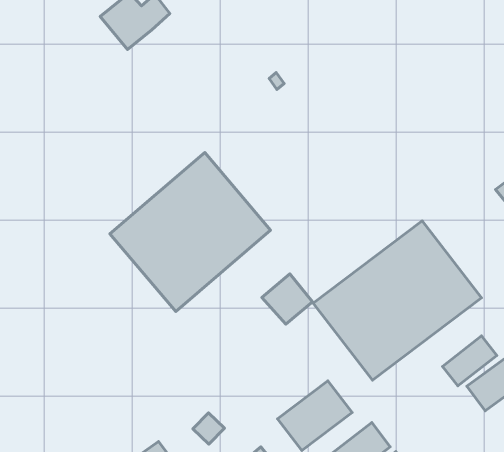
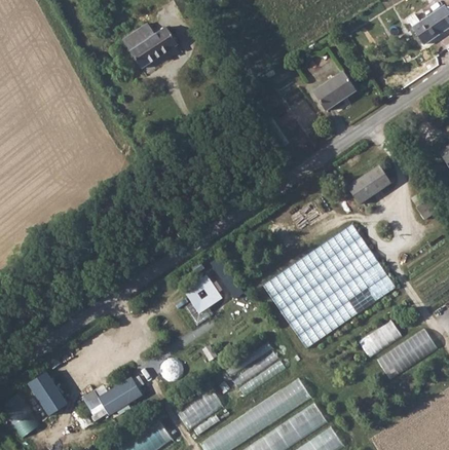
building: none -> [311,72,353,111]
building: none -> [345,165,389,203]
building: [110,152,271,311] -> none
building: [262,274,313,324] -> [181,274,220,313]

